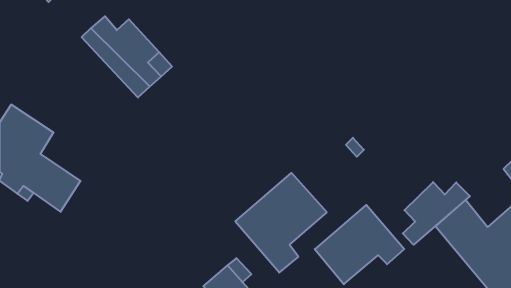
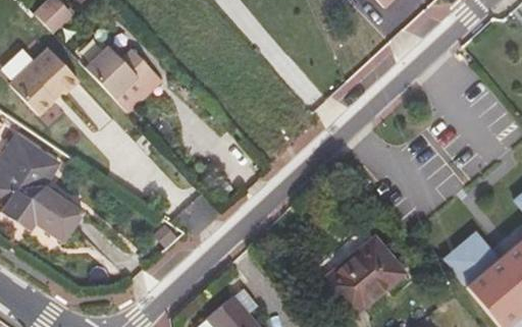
building: none -> [8,44,77,112]
building: [235,173,327,273] -> none
building: [403,182,470,245] -> none

